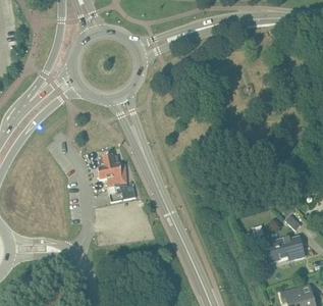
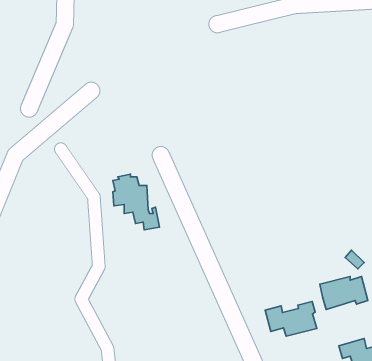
building: none -> [265,302,317,336]

